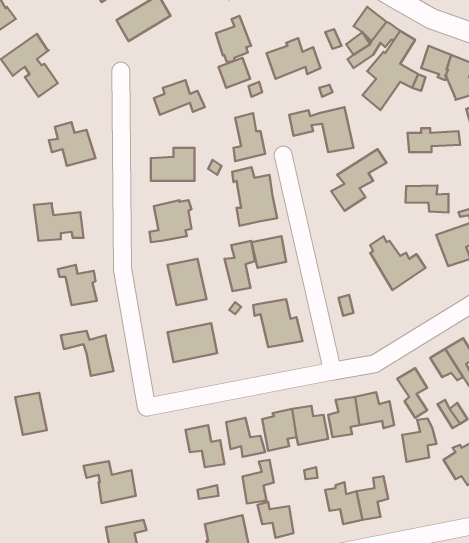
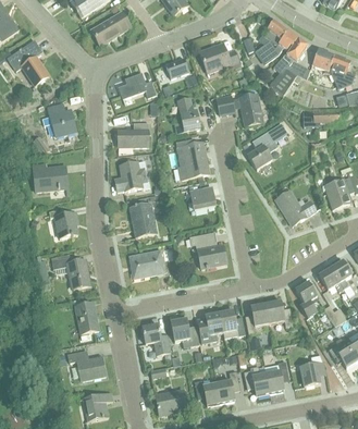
building: [216,16,251,62] -> none
building: [406,186,449,213] -> none
building: [225,241,255,291] -> none
building: [15,393,47,435] -> [75,302,98,332]
building: [402,418,437,462] -> [300,354,325,385]
building: [242,460,274,503] -> [217,370,239,402]

